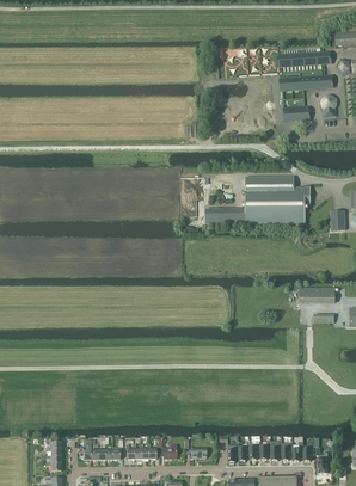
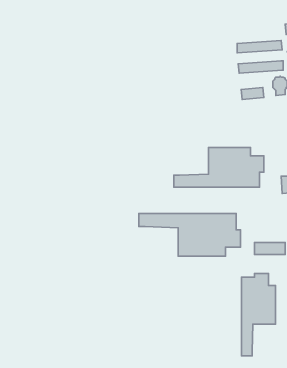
building: none -> [139,214,241,256]
building: none -> [242,273,276,356]

